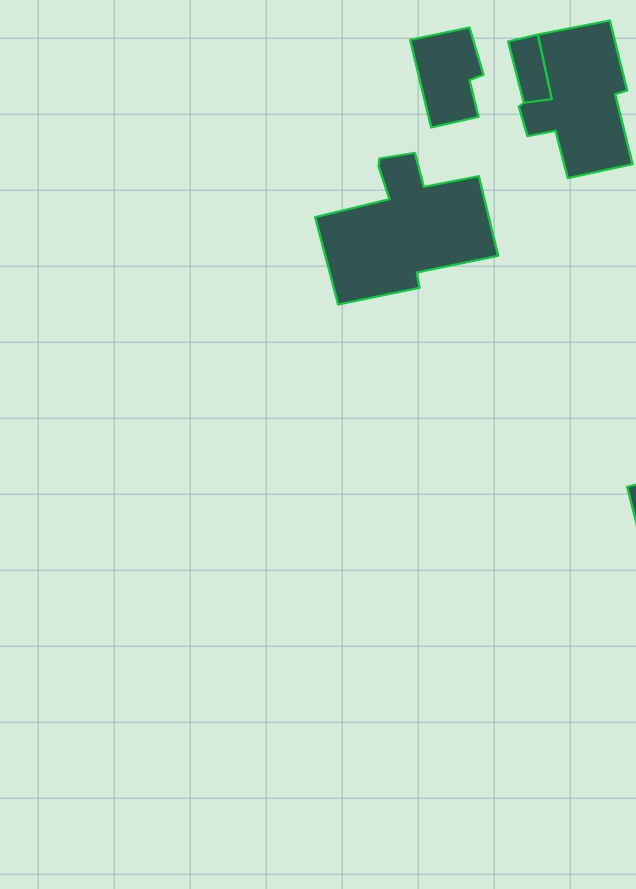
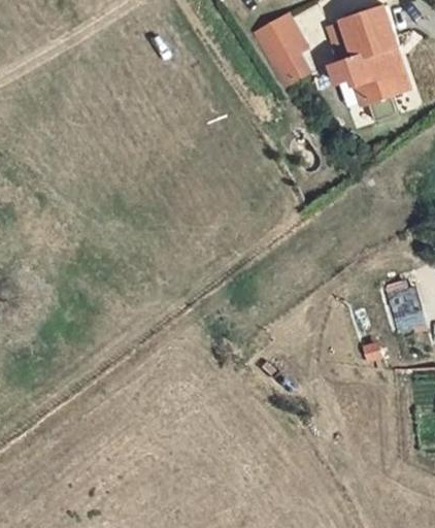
building: [315,153,498,305] -> none

